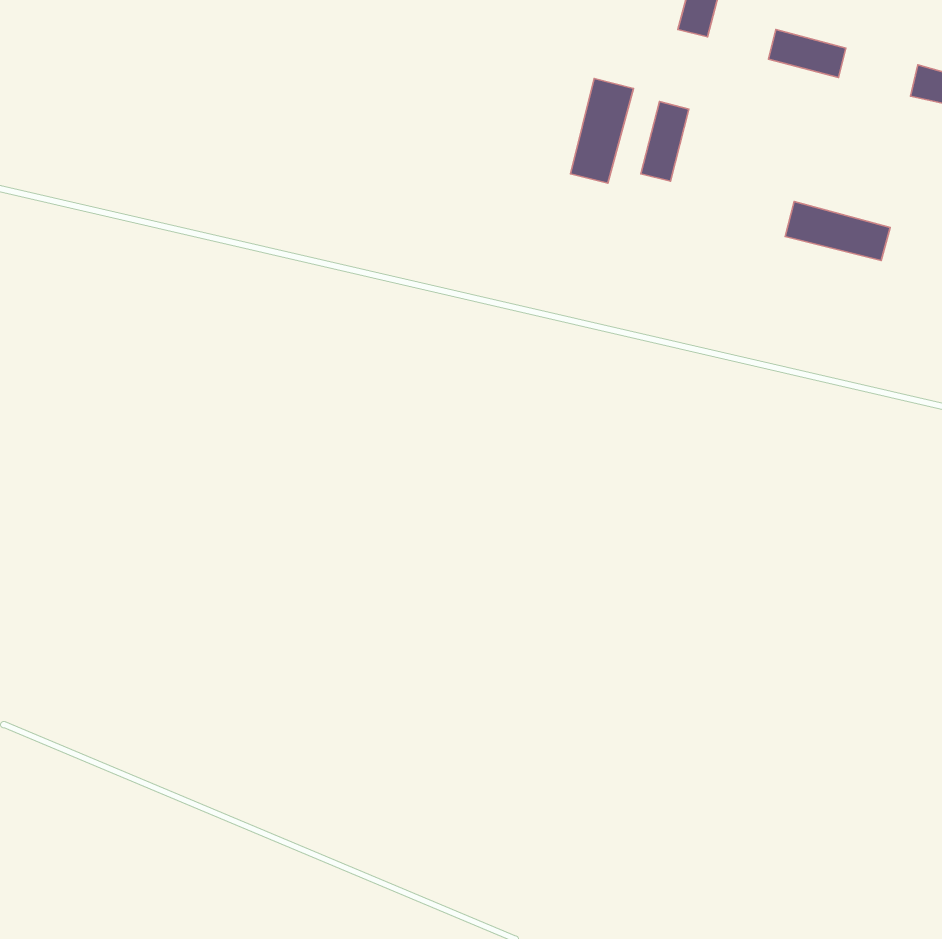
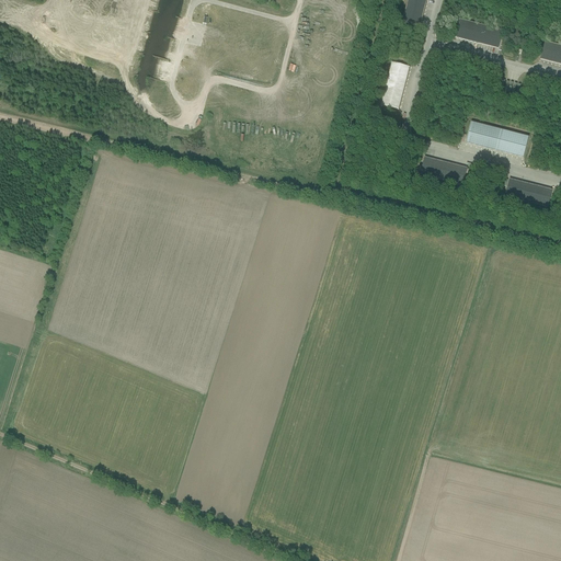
building: [570,78,633,183] -> none
building: none -> [421,154,468,183]
building: none -> [506,176,553,205]

